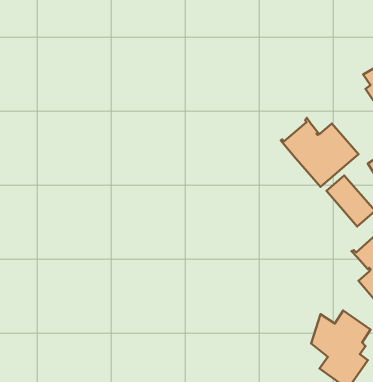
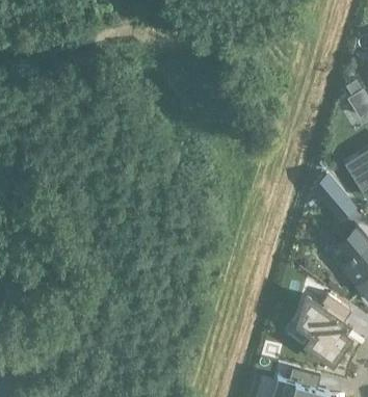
building: [281,118,358,187] -> none

